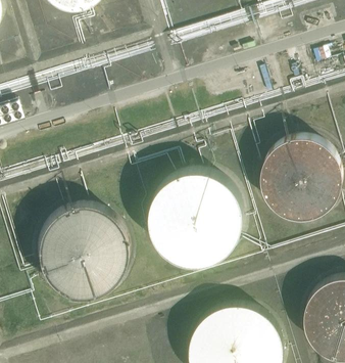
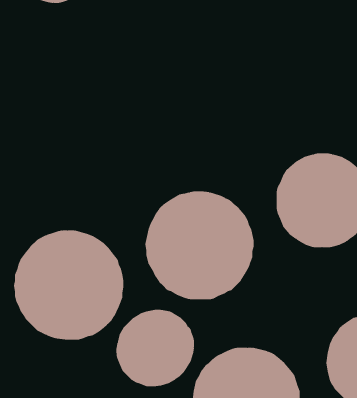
building: none -> [116,309,195,387]

